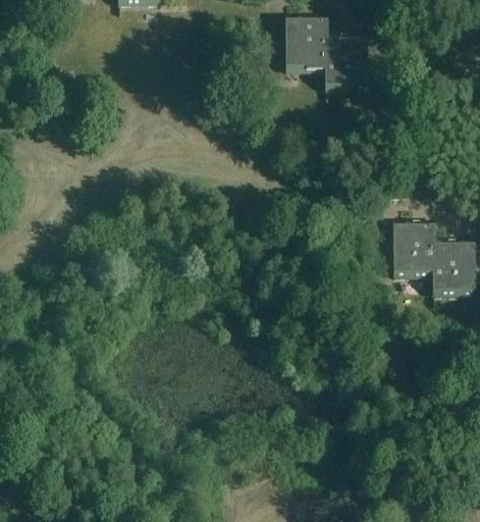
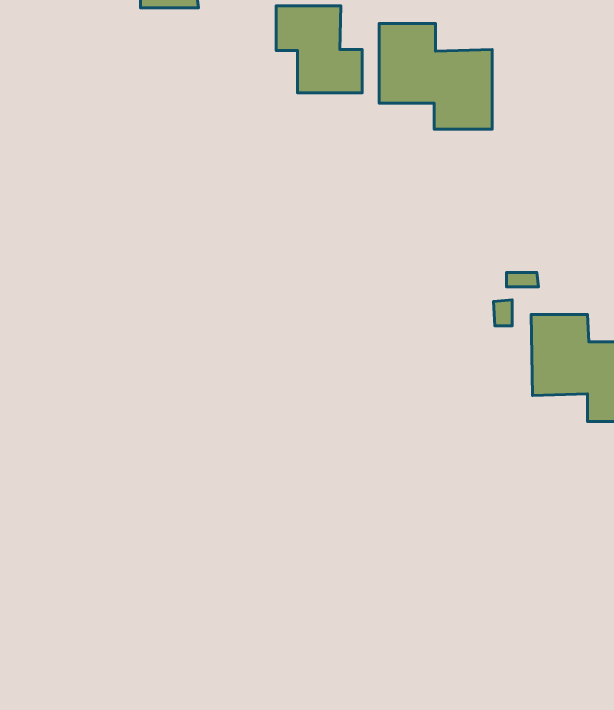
building: none -> [276,6,362,93]

